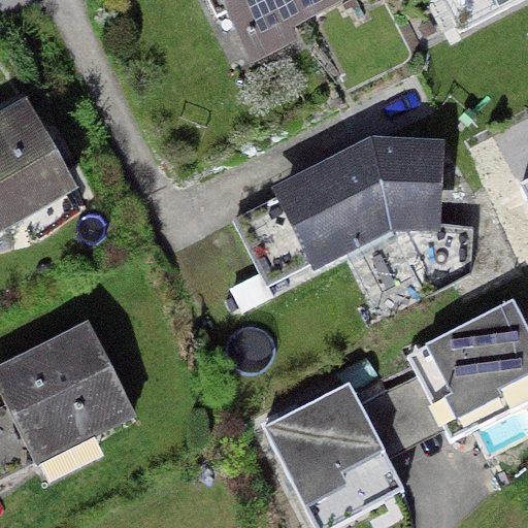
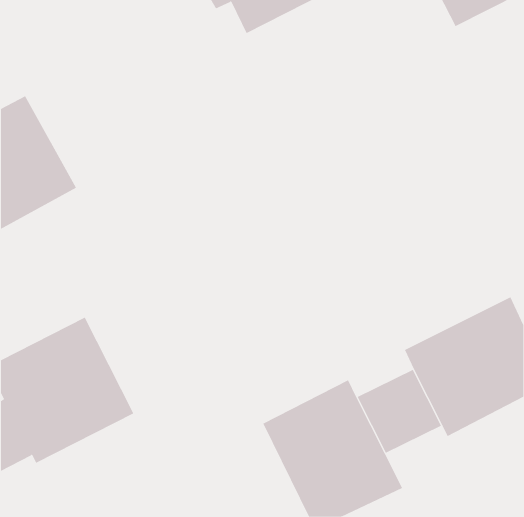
building: [285,142,433,256] -> none

